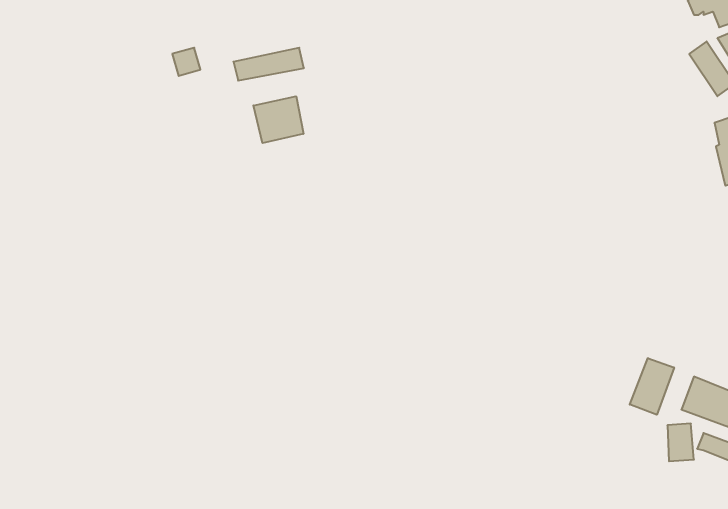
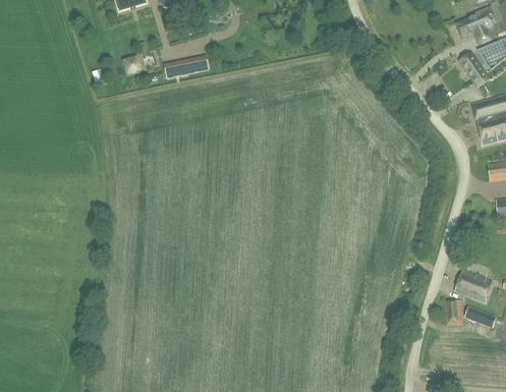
building: [253,96,303,143] -> none
building: [630,358,674,415] -> none

